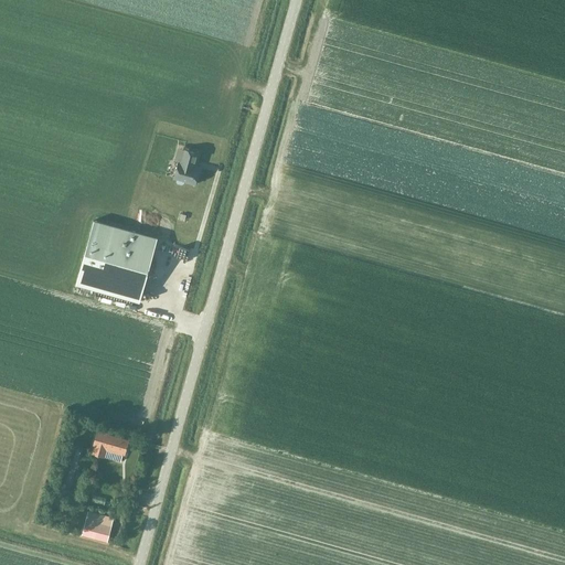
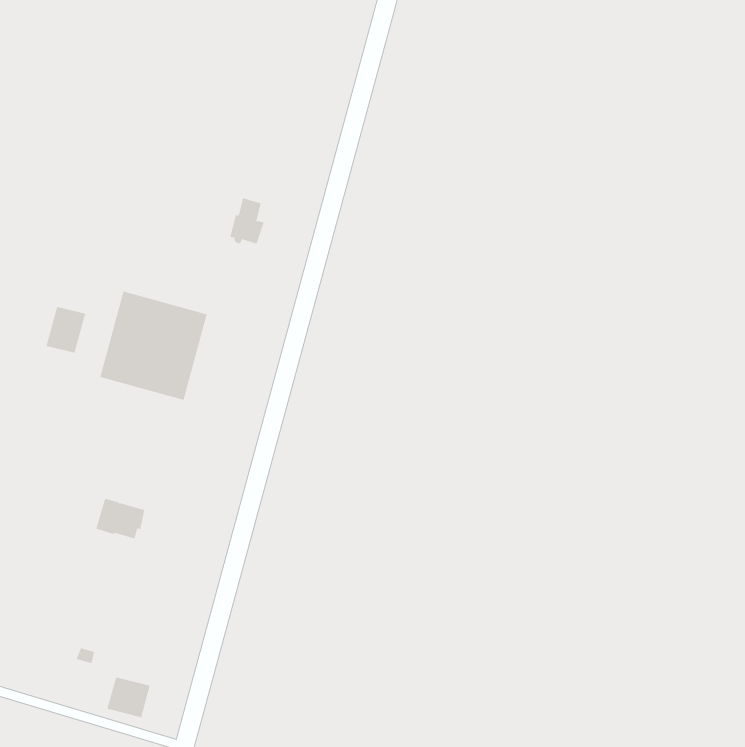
building: none -> [46,306,86,353]
building: [92,430,129,461] -> [96,498,145,539]

